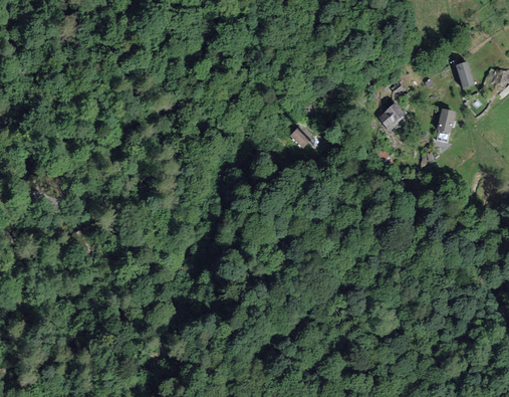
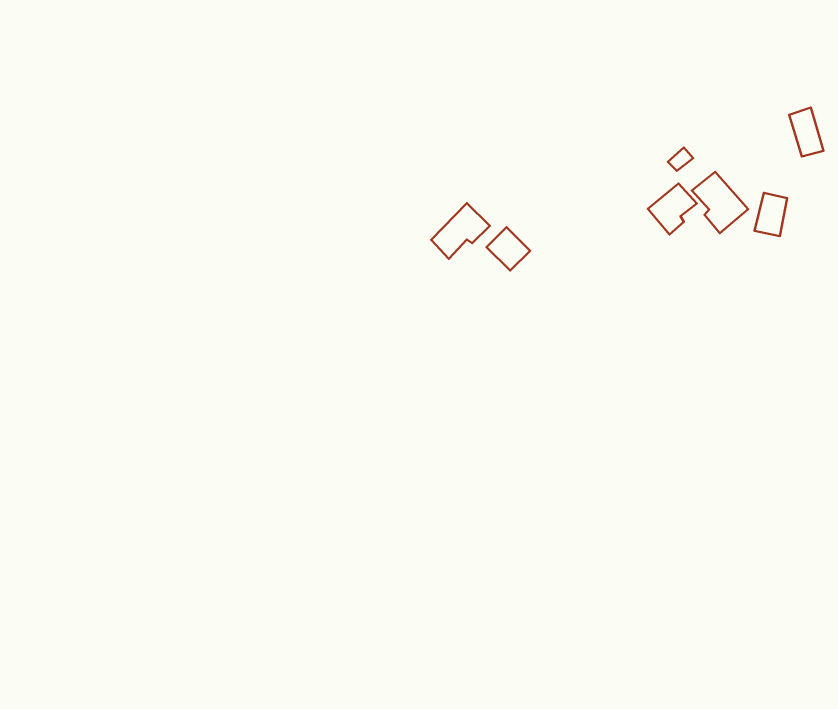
building: none -> [692,172,748,233]
building: none -> [431,203,490,259]

